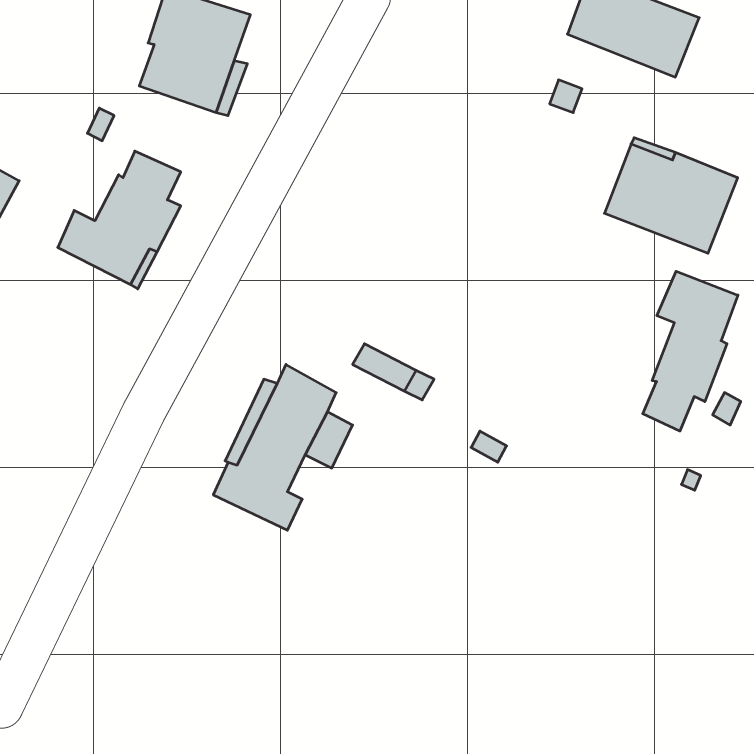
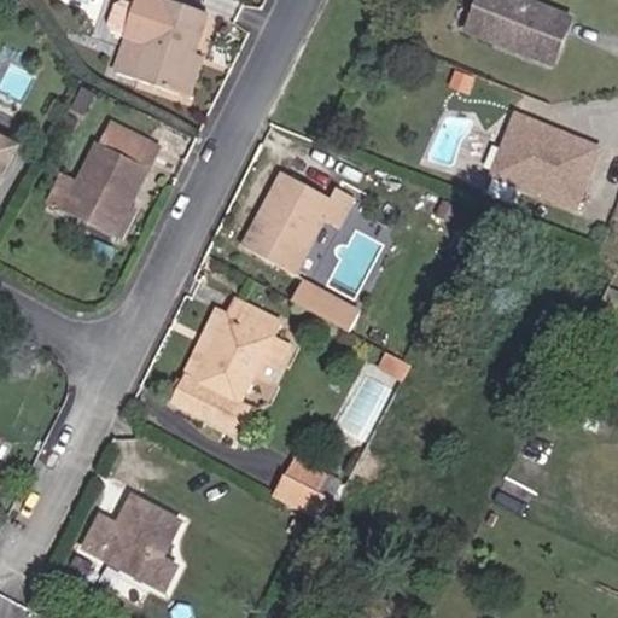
building: none -> [241,170,351,269]
building: [643,271,738,431] -> none
building: none -> [276,459,328,517]
building: none -> [83,497,176,588]

